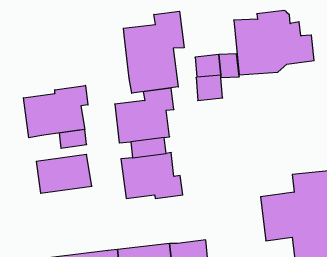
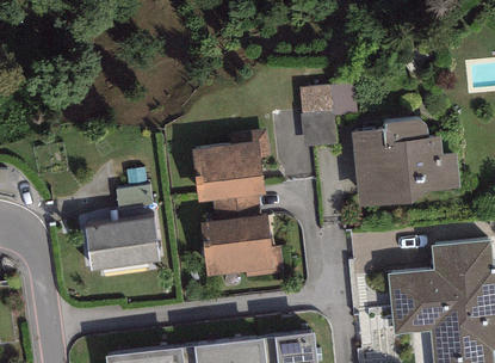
building: [234,10,314,75] -> [352,119,460,207]
building: [123,11,184,93] -> none
building: [24,85,88,138] -> none

